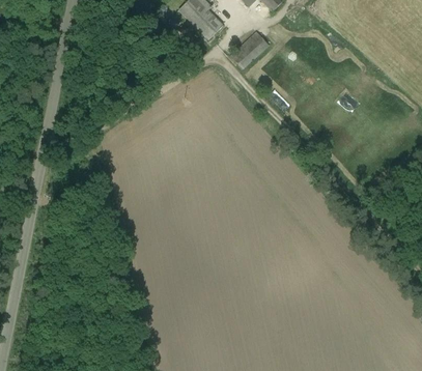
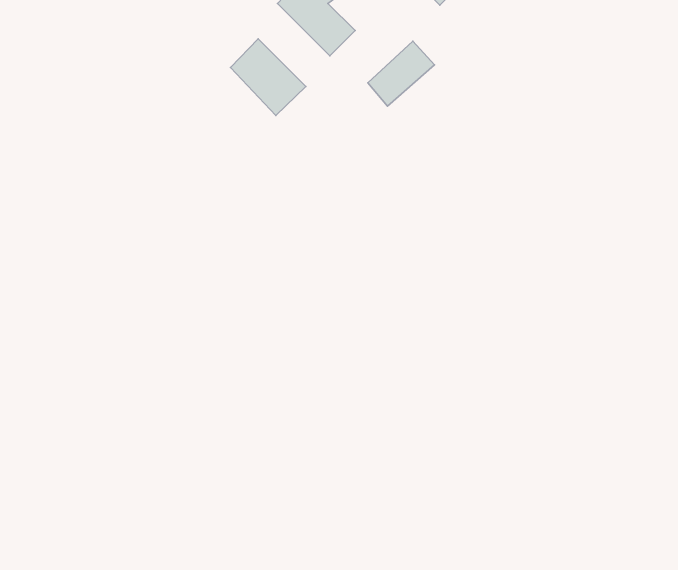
building: none -> [230,39,306,115]

